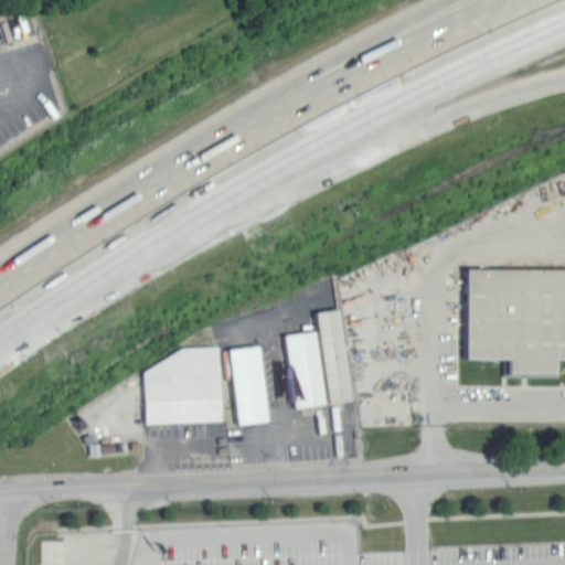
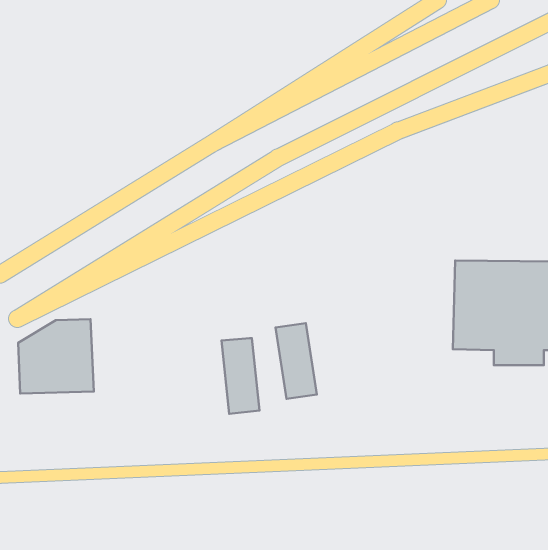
building: [318,310,353,404] -> none
building: [146,349,223,425] -> [18,319,94,394]

